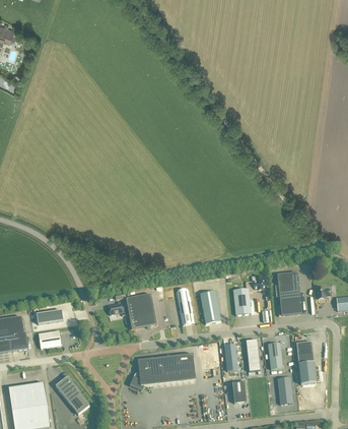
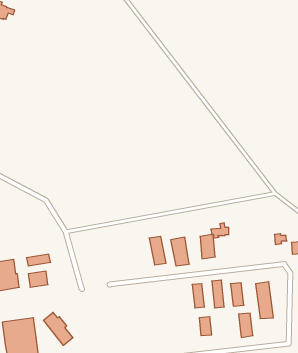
building: [276,271,301,314] -> none
building: [107,293,156,327] -> none
building: [129,354,195,389] -> none

